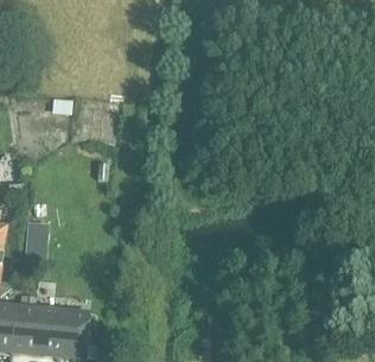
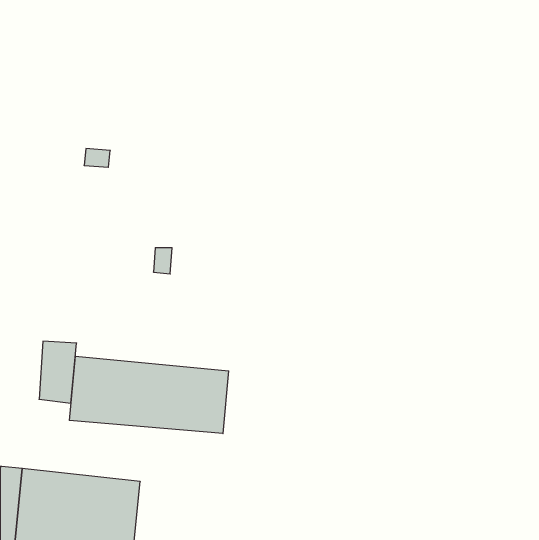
building: none -> [69,356,229,434]

